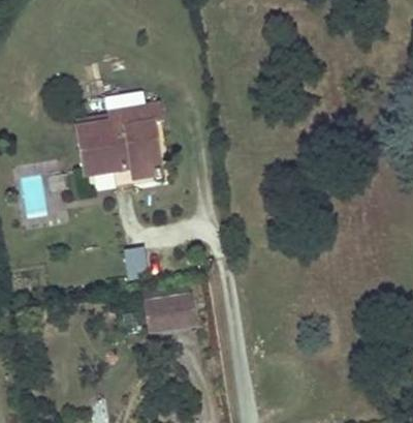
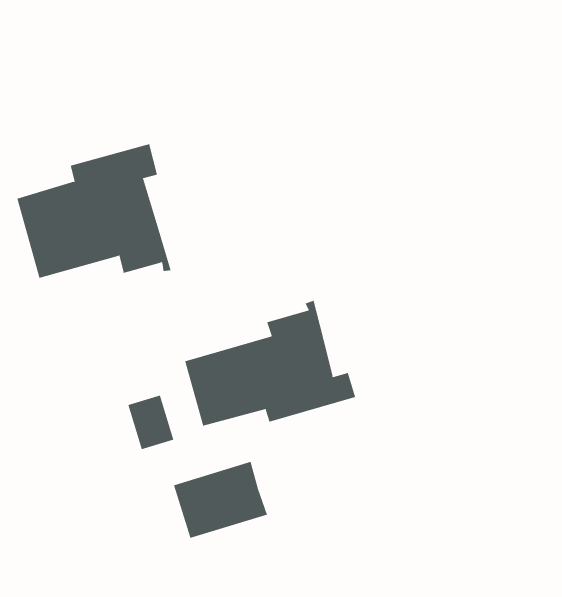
building: none -> [185,300,356,427]

